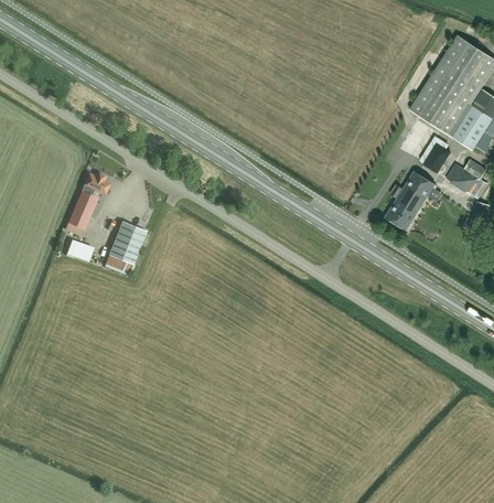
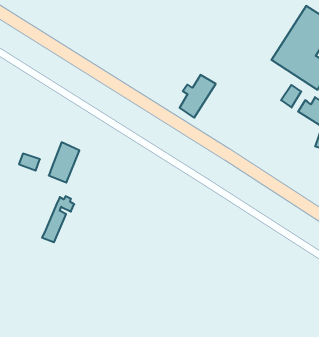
building: [385,171,434,229] -> [180,75,216,118]
building: [65,173,109,236] -> [42,196,74,242]

